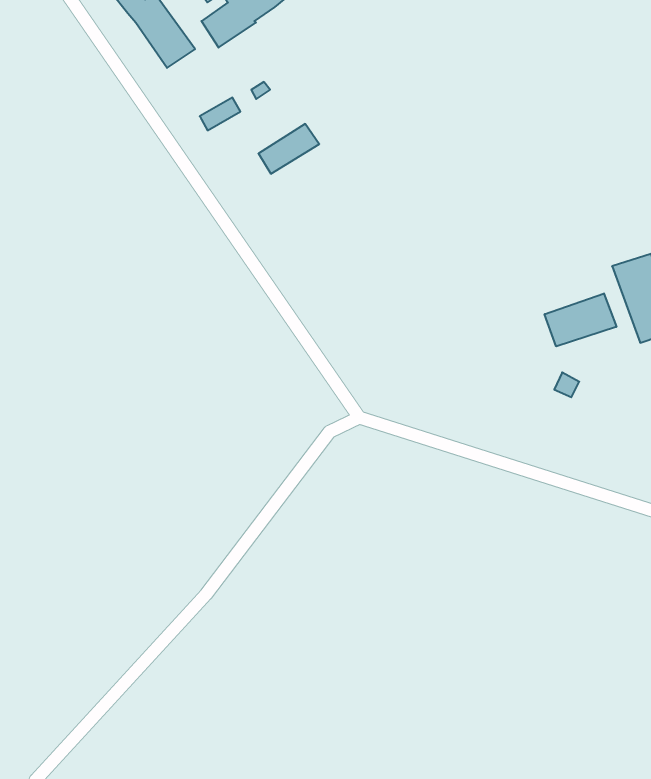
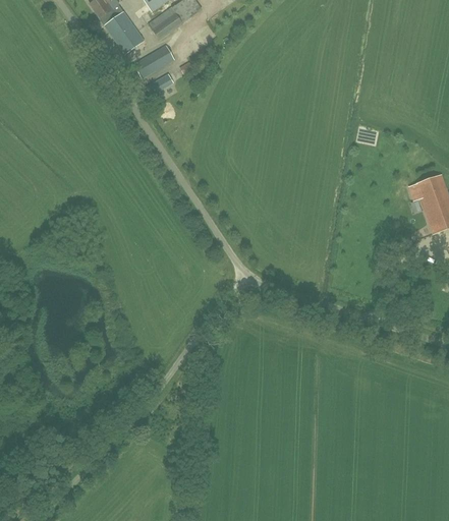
building: [258,124,319,174] -> [134,45,174,77]
building: [545,293,616,346] -> none

